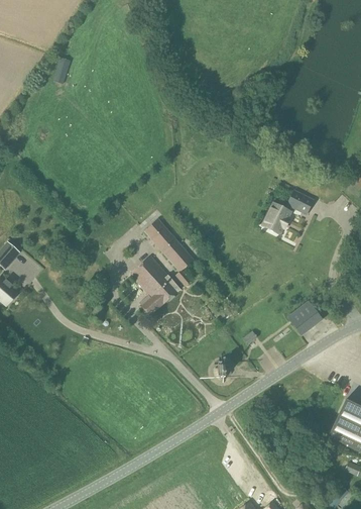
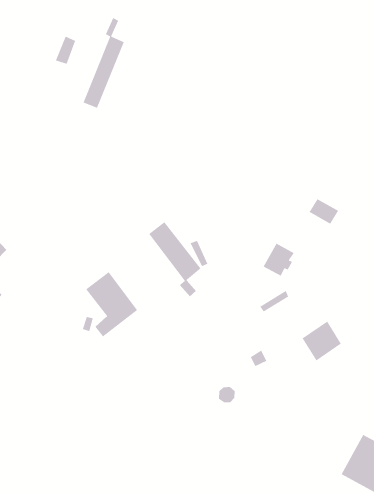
building: none -> [83,17,125,109]
building: [262,203,290,233] -> [262,243,295,277]
building: [131,256,179,315] -> [85,271,138,337]

